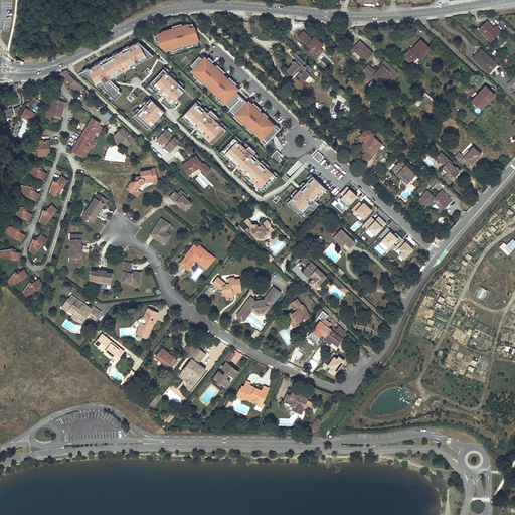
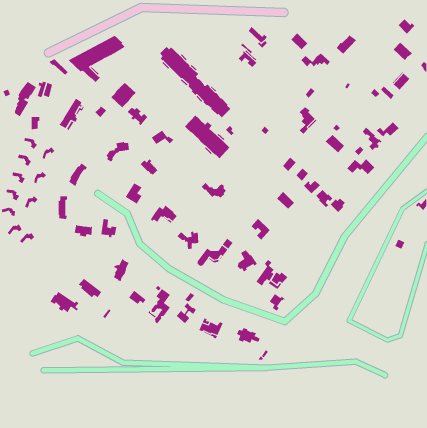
building: [157,23,199,50] -> none
building: [150,69,185,104] -> none
building: [182,102,226,144] -> none
building: [287,175,327,216] -> none
building: [60,296,97,322] -> [49,291,80,313]

